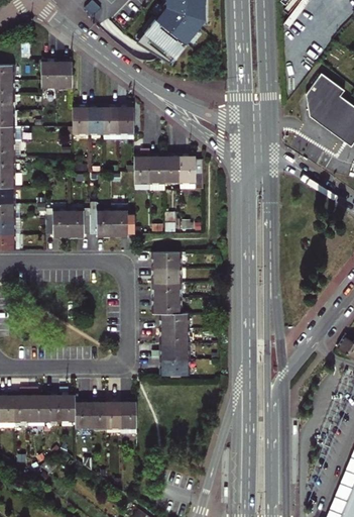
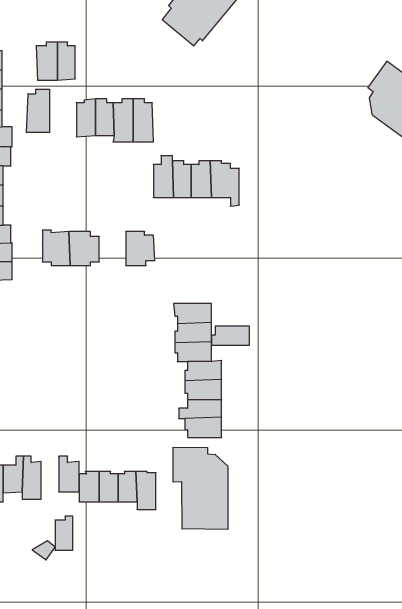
building: none -> [27,89,49,133]
building: [91,208,112,237] -> none
building: [150,252,181,268] -> [211,326,249,345]
building: none -> [173,447,228,529]
building: [44,391,58,418] -> [55,516,73,550]

